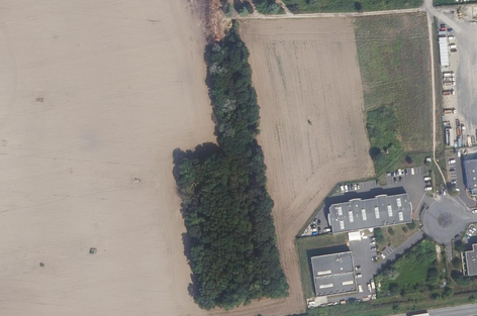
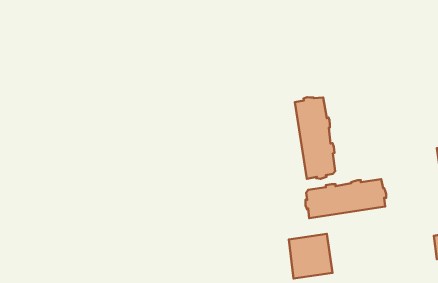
building: none -> [295,97,335,179]

